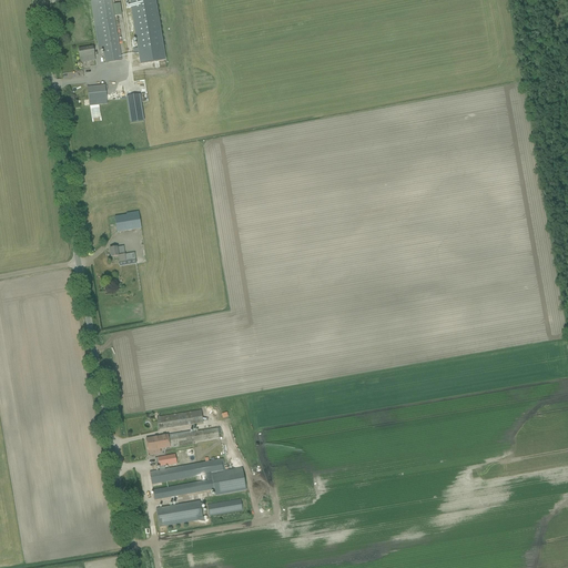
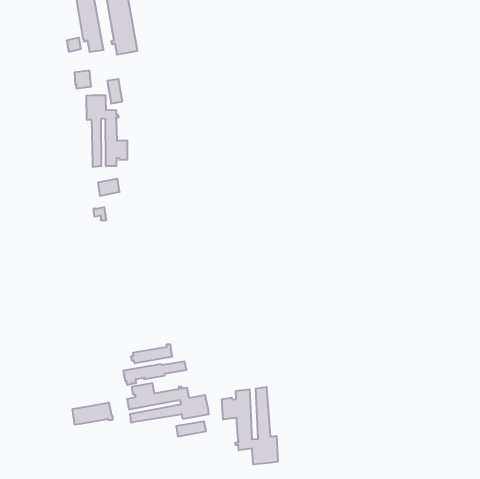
building: none -> [87,95,127,167]
building: none -> [222,387,278,464]
building: [158,499,205,525] -> [72,403,113,424]

